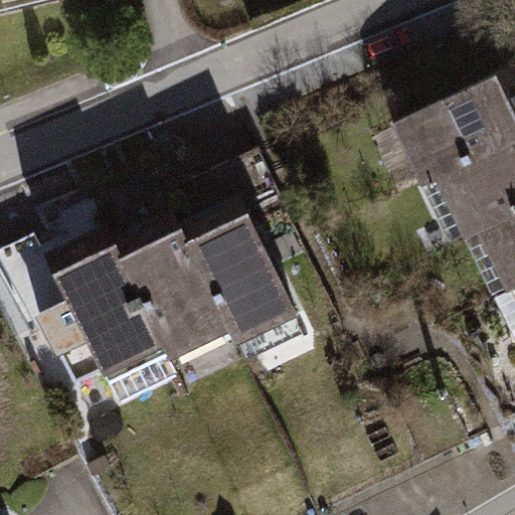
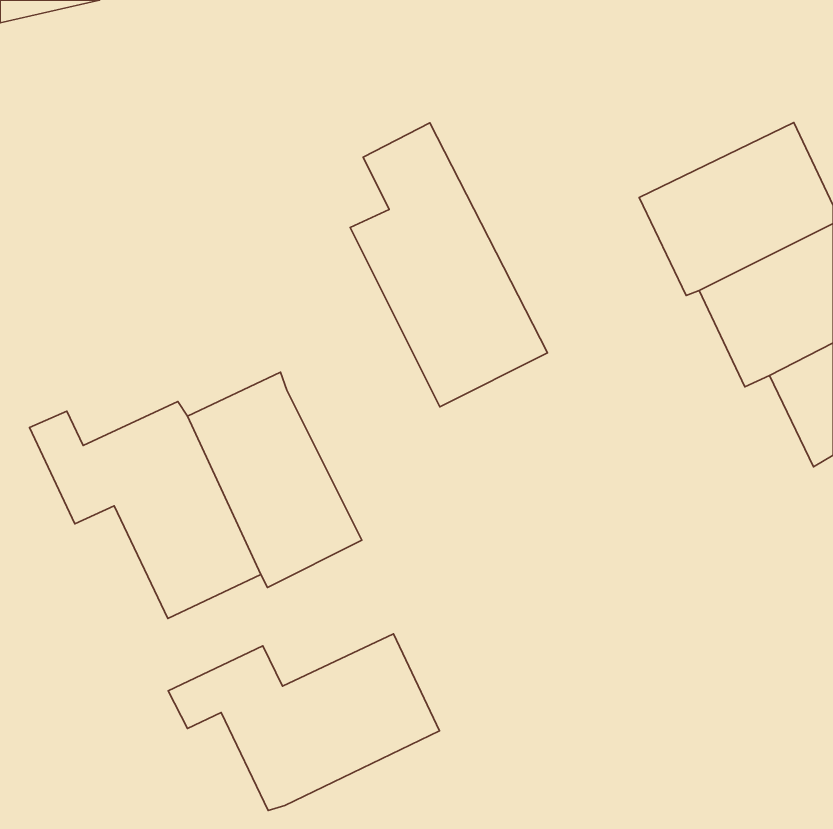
building: [177,179,299,354] -> [350,123,547,407]
building: none -> [168,634,439,811]

